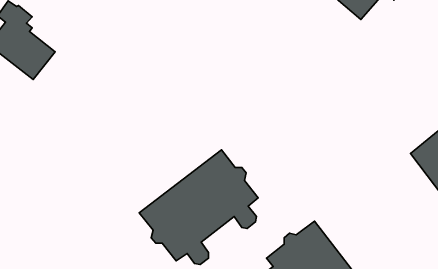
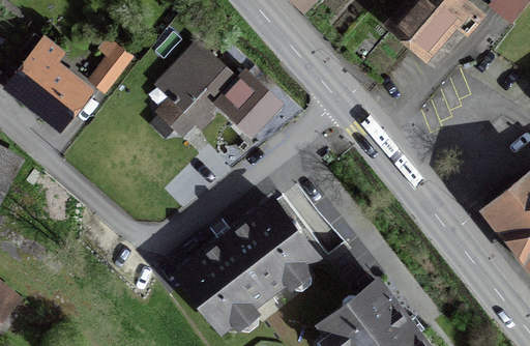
building: none -> [91,38,132,90]
building: none -> [161,41,277,132]

